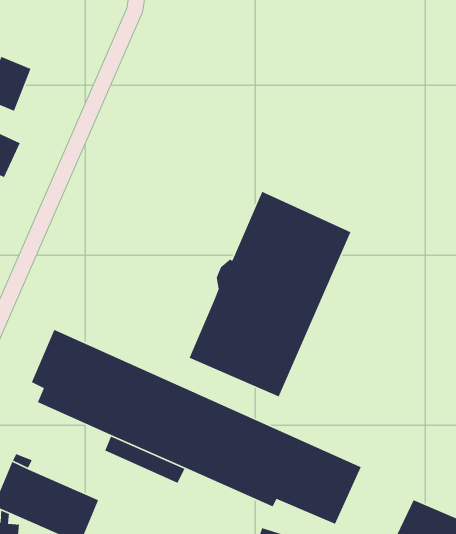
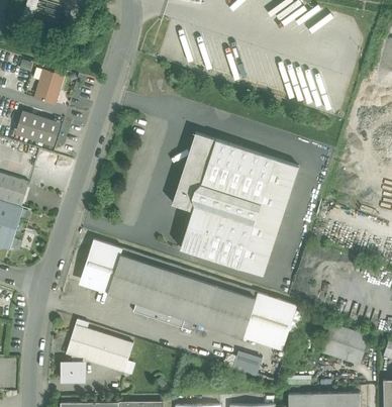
building: none -> [172,132,215,210]
building: none -> [239,159,299,276]

